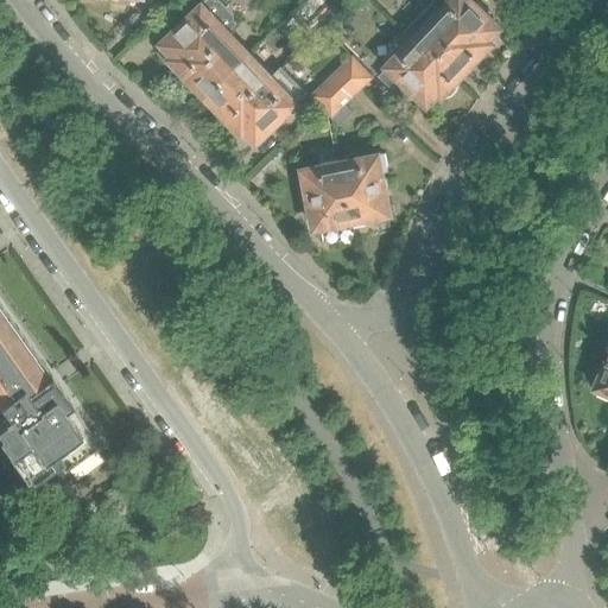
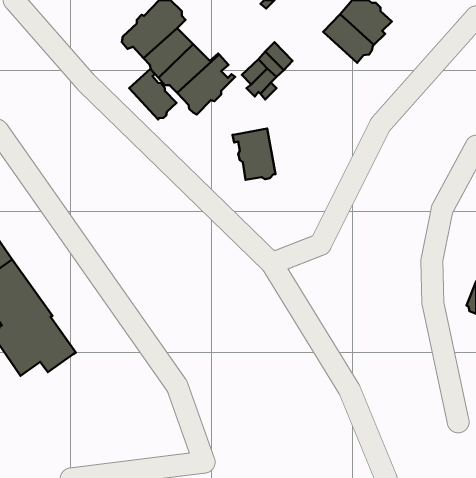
building: [374,32,455,108] -> none
building: none -> [129,69,176,120]
building: [338,154,392,223] -> none

